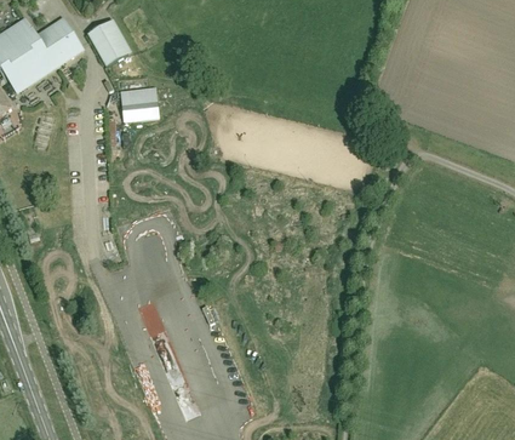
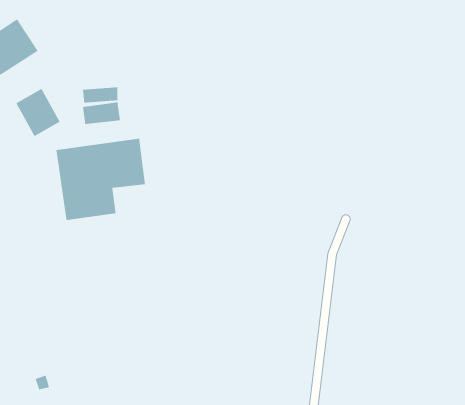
building: [87,18,131,65] -> [16,88,60,137]
building: none -> [56,138,145,221]

